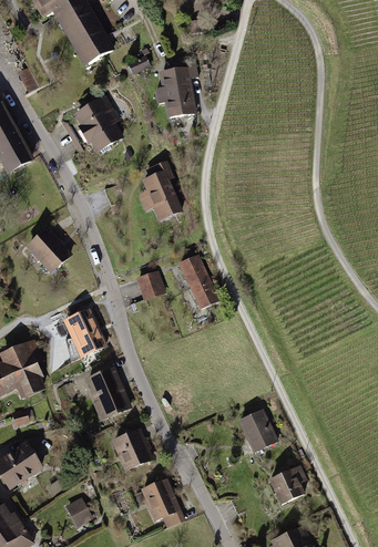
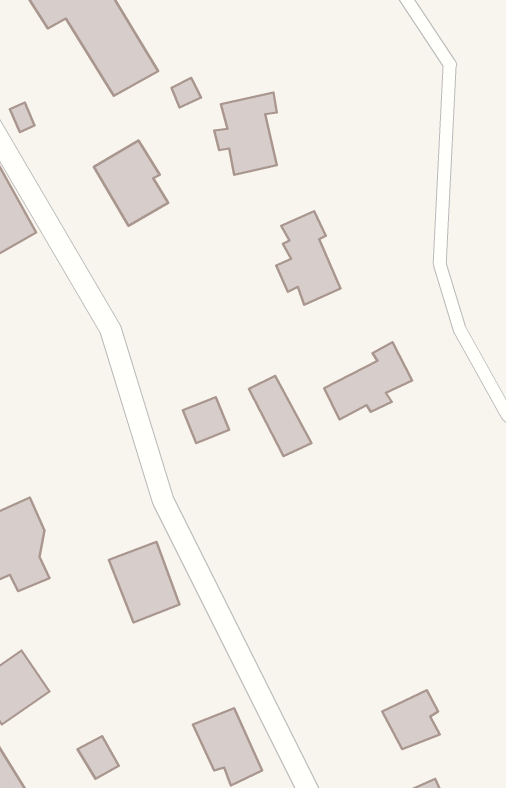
building: [136,159,180,223] -> [276,211,341,305]
building: [27,227,71,272] -> none
building: none -> [324,342,412,420]
building: [59,309,102,358] -> none
building: [237,409,277,453] -> none
building: [112,429,153,472] -> none

